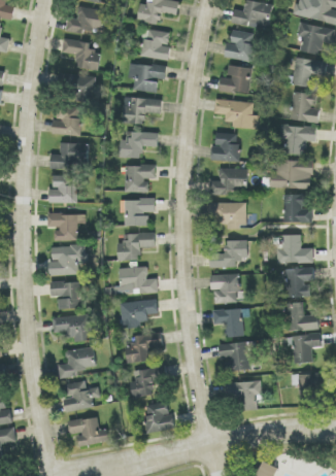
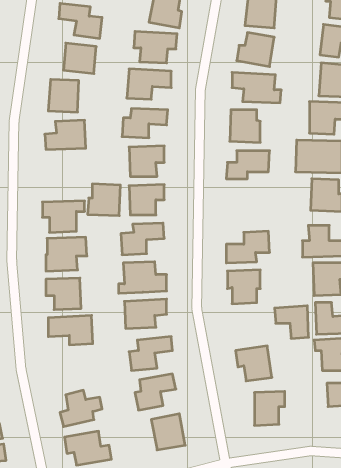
building: [48,175,77,203] -> [88,184,120,216]
building: [210,202,245,228] -> none
building: [212,308,242,337] -> [275,306,309,338]
building: [58,347,95,378] -> none

